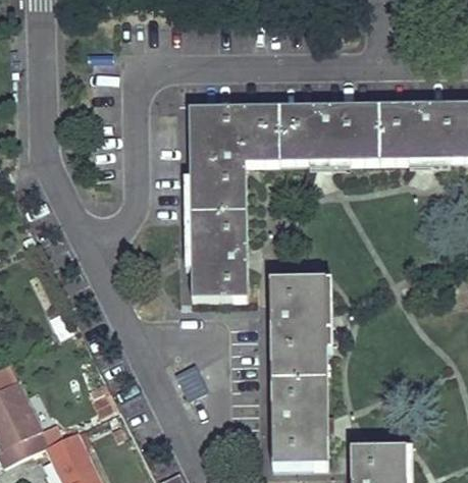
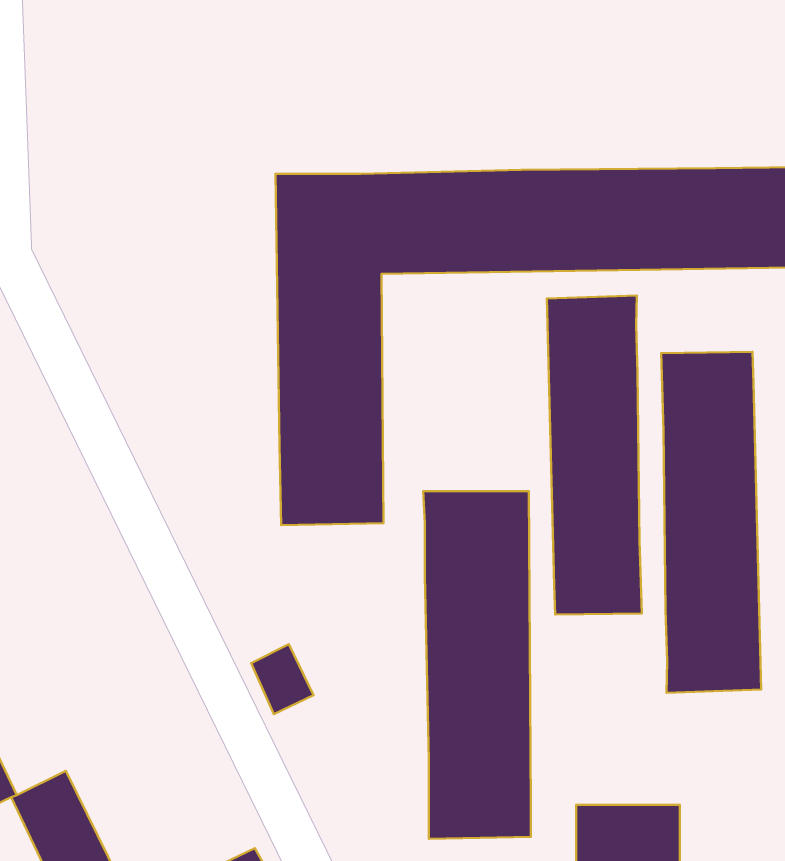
building: none -> [547,295,642,615]
building: none -> [661,352,761,693]

